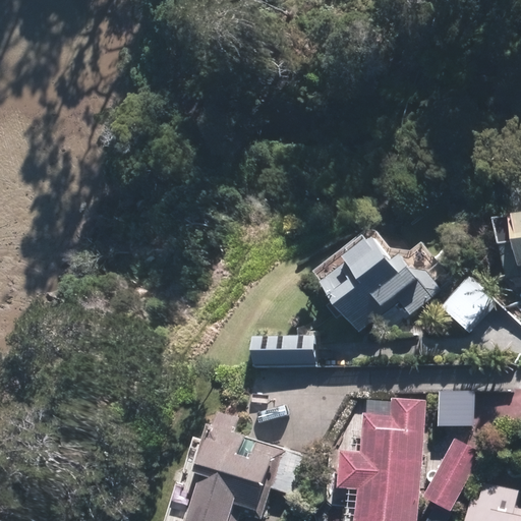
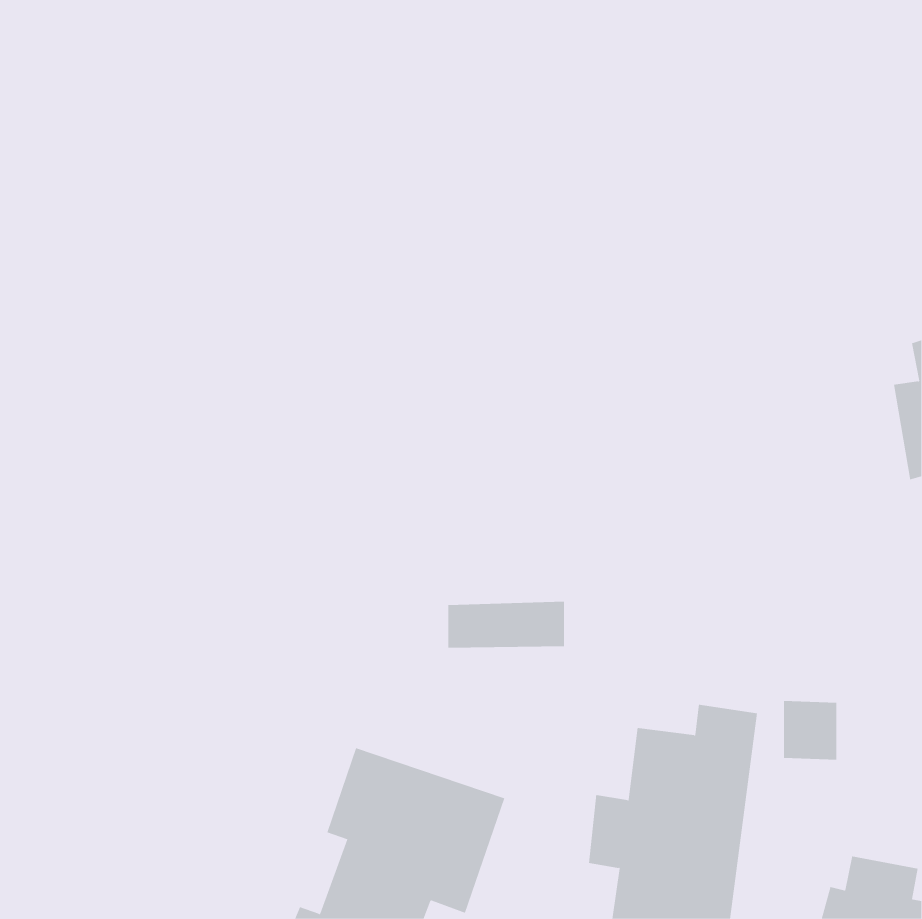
building: [316,230,448,335] -> none
building: [441,279,495,333] -> none
building: [423,441,481,514] -> none

